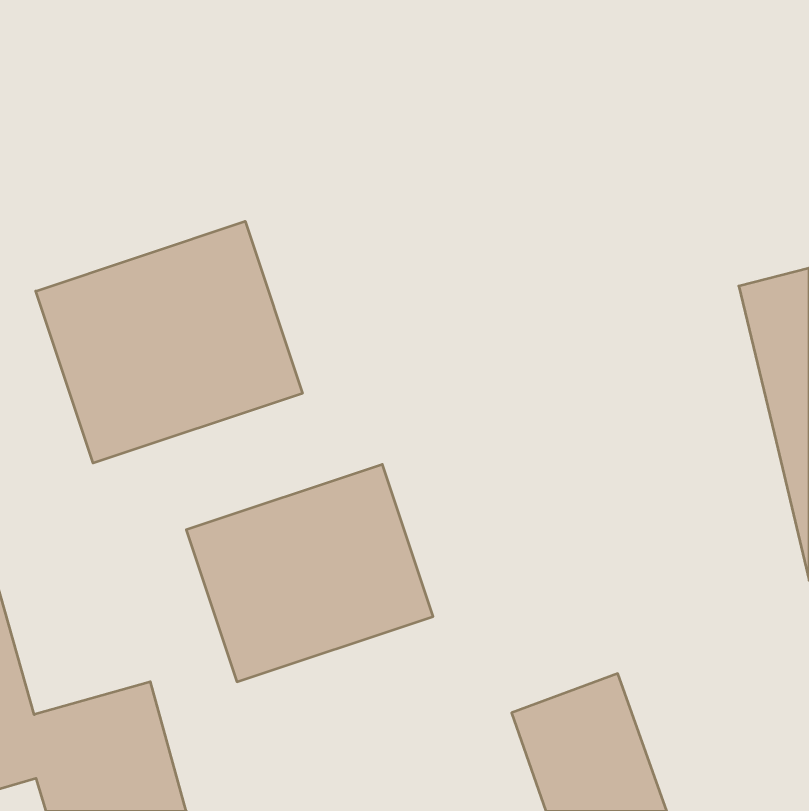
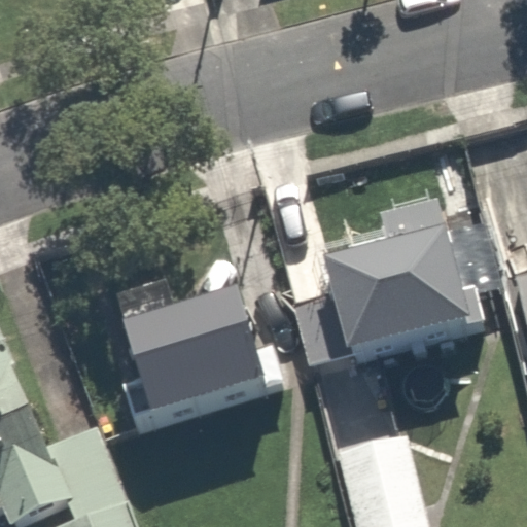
building: [36,221,302,463] -> none
building: none -> [324,200,475,363]

